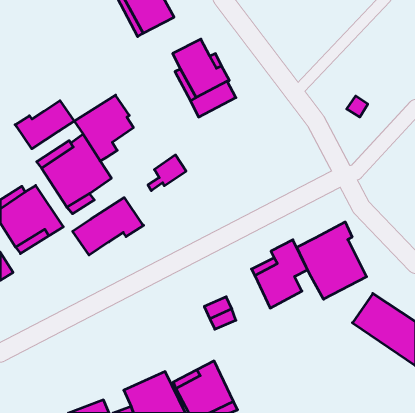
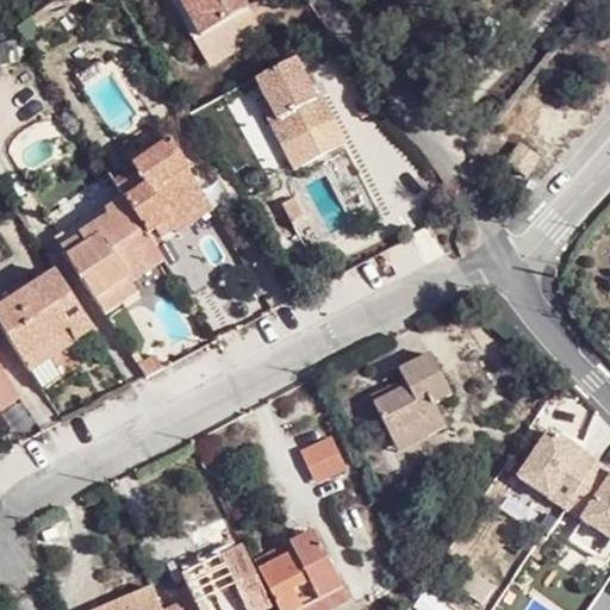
building: [15,101,74,149] -> none
building: [148,155,186,191] -> [156,187,212,239]
building: [73,198,144,255] -> none
building: [297,222,367,299] -> none

